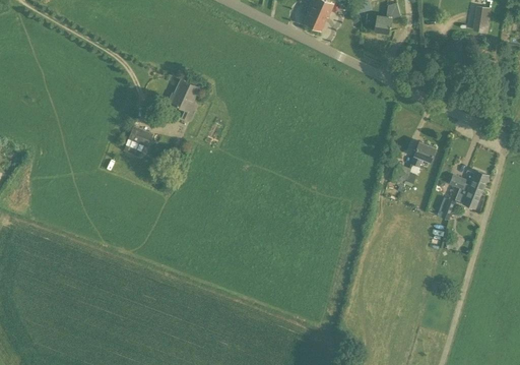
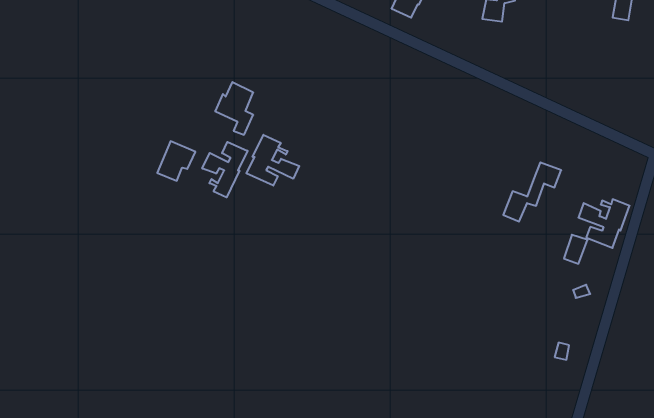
building: none -> [246,135,299,186]
building: none -> [202,142,248,197]

